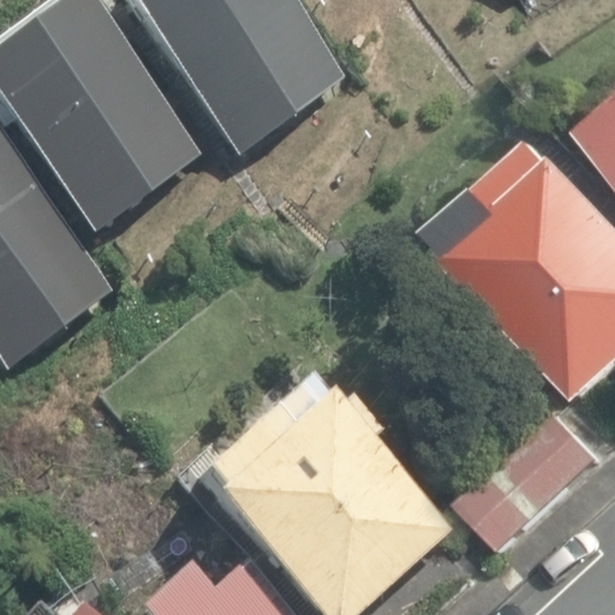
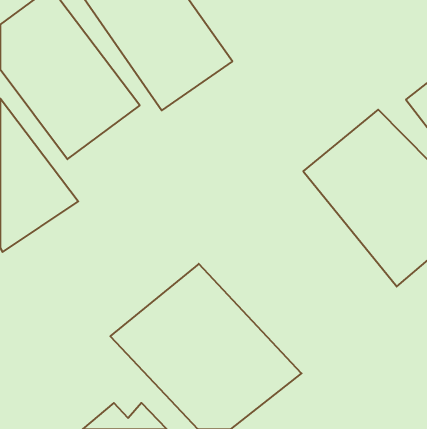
building: [455,413,596,550] -> none

